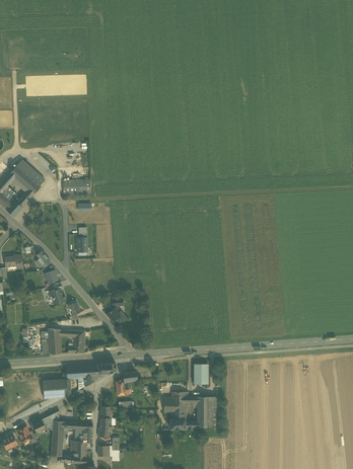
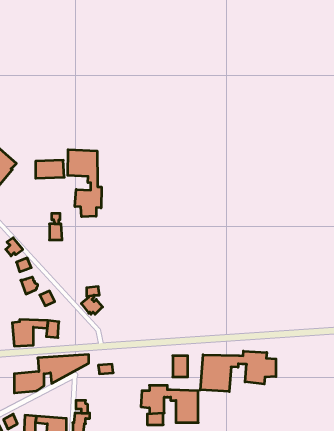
building: none -> [68,150,101,217]
building: none -> [200,351,276,392]

